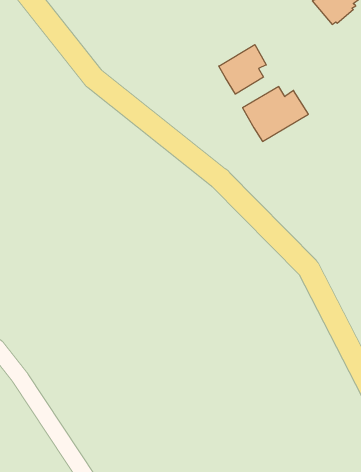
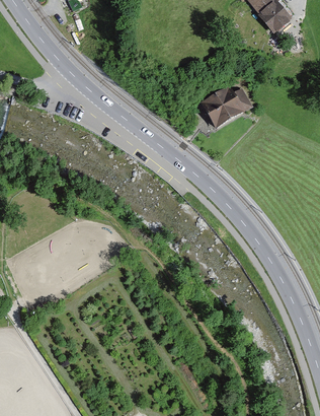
building: [219,45,266,94] -> none

